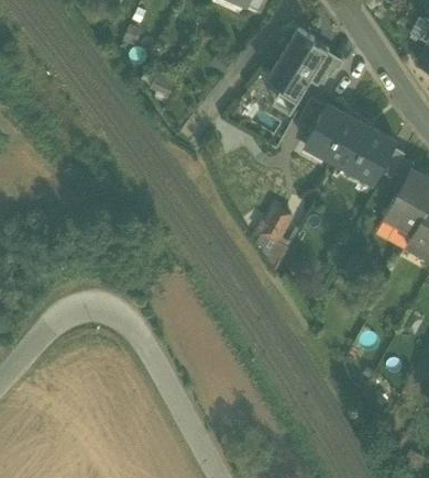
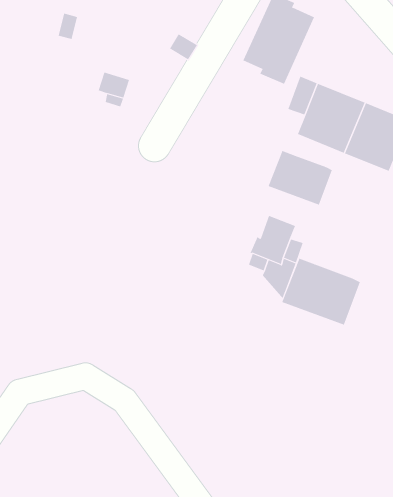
building: none -> [268,150,333,206]
building: none -> [282,258,361,326]

